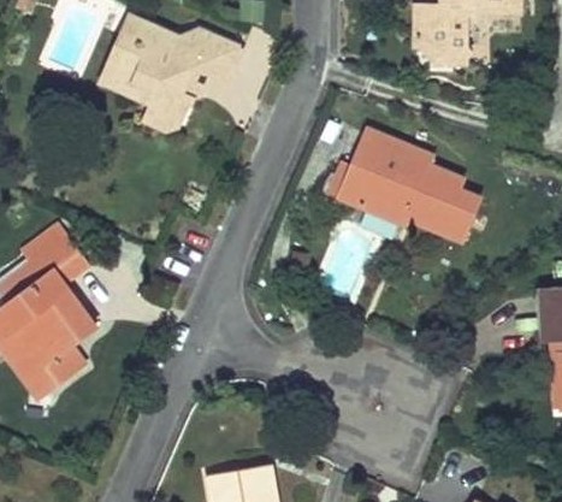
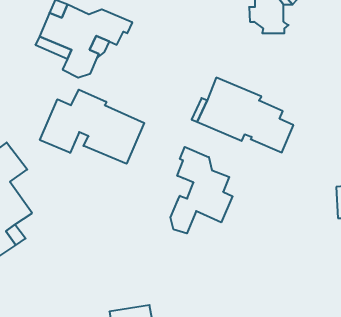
building: none -> [40,90,144,164]
building: none -> [170,147,233,233]

